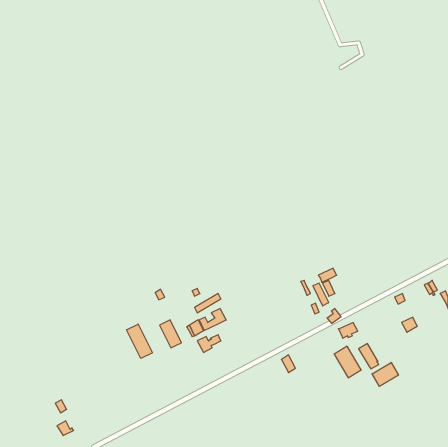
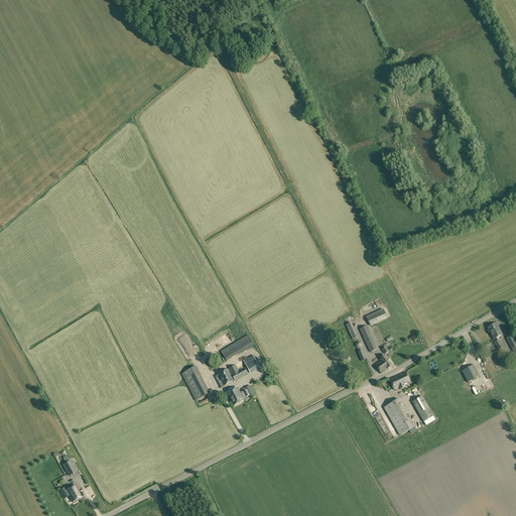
building: [127,324,152,358] -> none
building: [372,362,399,386] -> none

